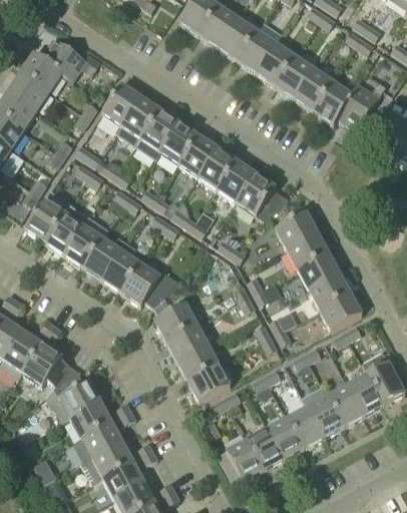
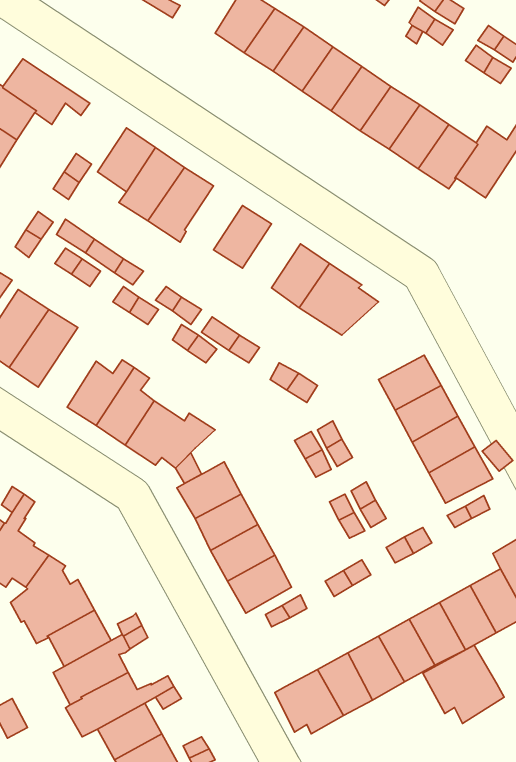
building: [159,122,197,164] -> none
building: [197,147,236,189] -> none
building: [276,212,317,249] -> none
building: [63,215,108,268] -> none
building: none -> [423,645,504,723]

